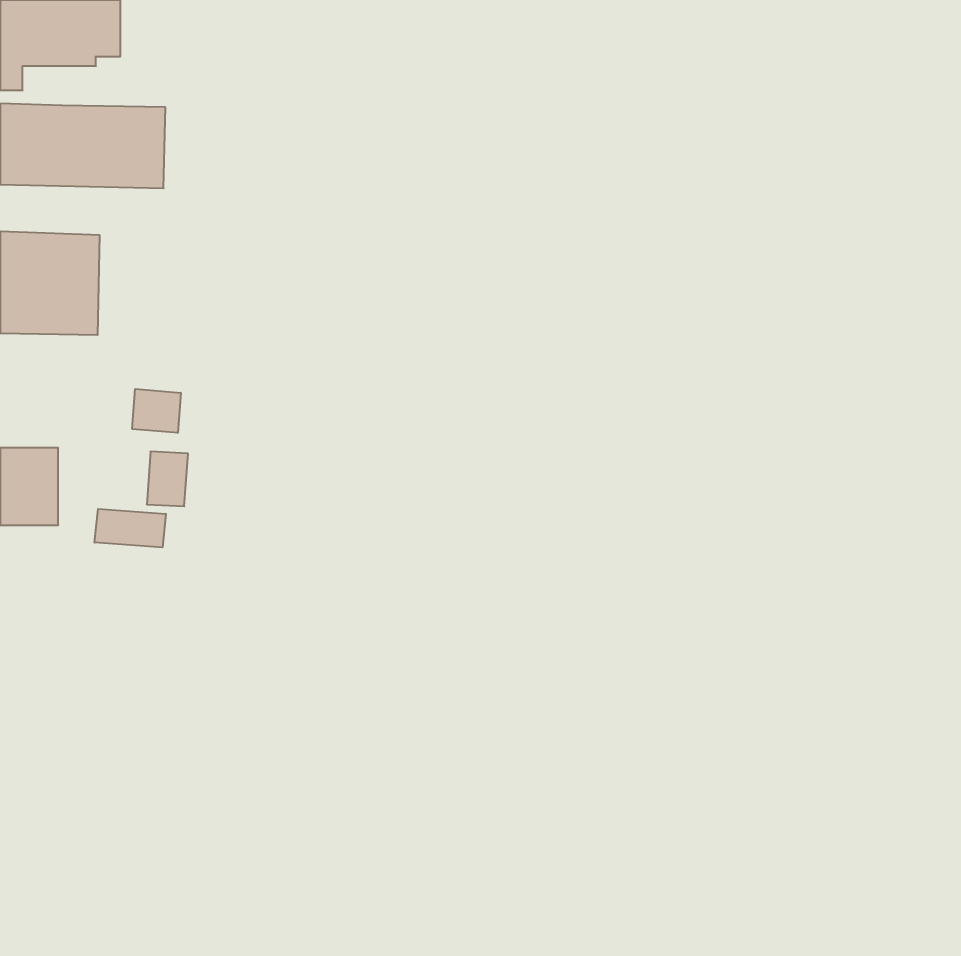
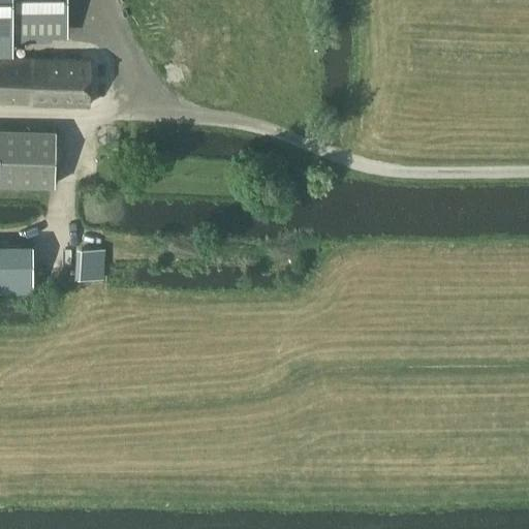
building: [132,389,181,433] -> none
building: [95,509,166,547] -> none

